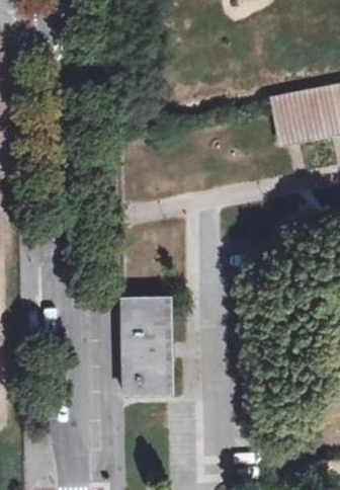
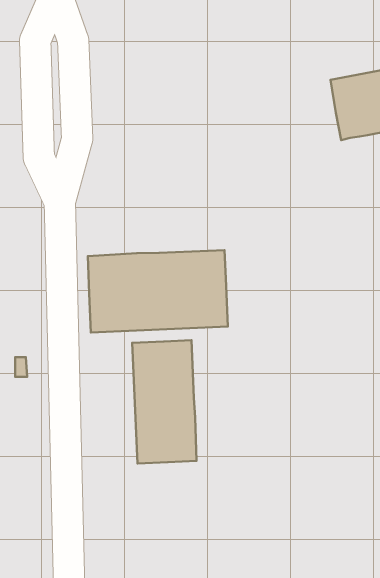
building: none -> [88,250,228,333]

